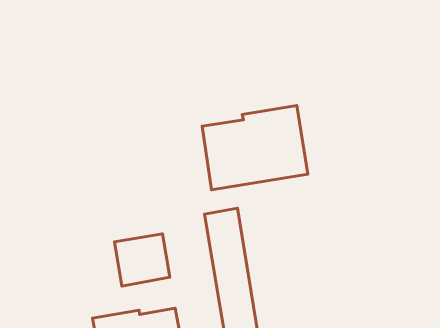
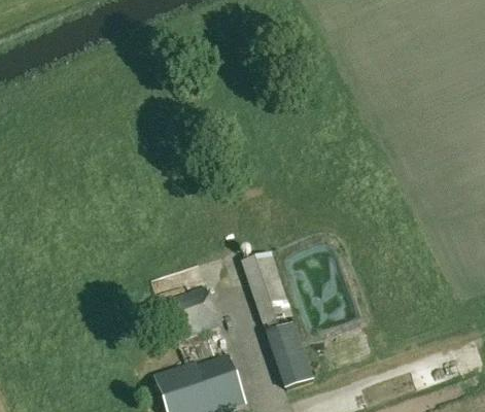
building: [202,105,308,190] -> none

